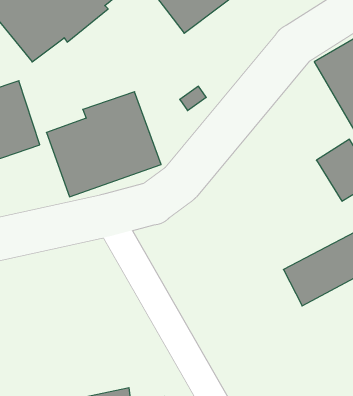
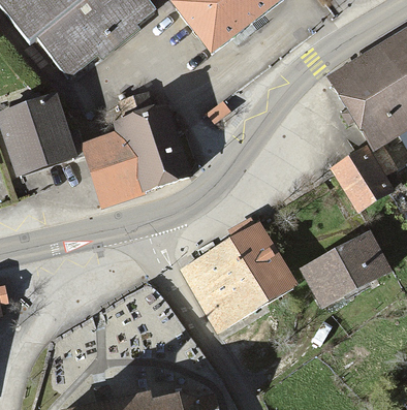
building: none -> [182,225,291,332]

